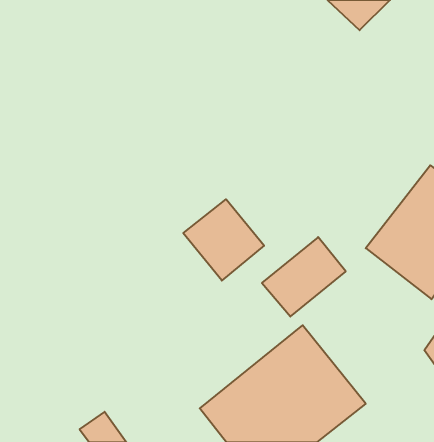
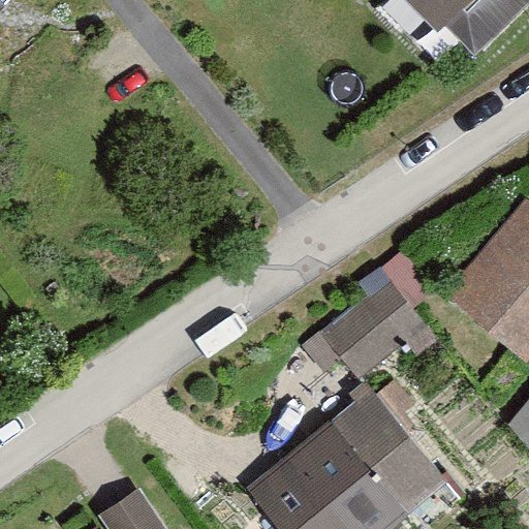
building: [183,199,264,281] -> none

